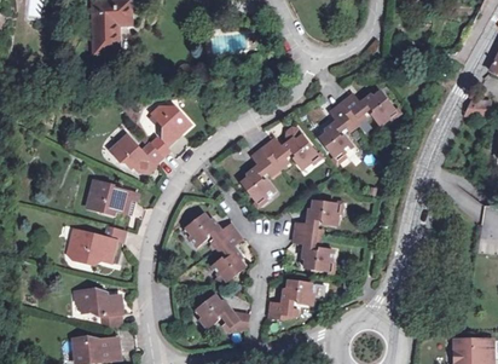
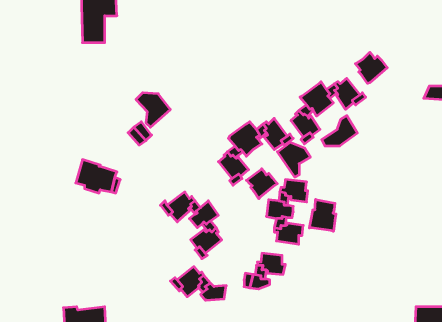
building: none -> [355,52,387,83]
building: none -> [322,116,357,146]
building: [116,135,155,173] -> none
building: none -> [277,142,310,177]
building: none -> [246,169,277,199]
building: none -> [309,199,336,231]
building: [70,226,124,265] -> none
building: [76,290,122,328] -> none

